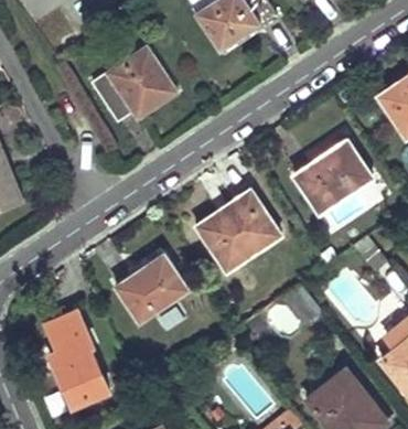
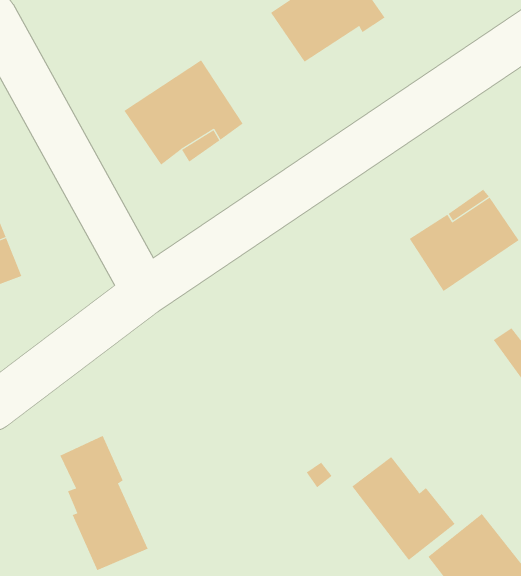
building: [195,189,280,271] -> none
building: [115,253,187,322] -> none
building: none -> [352,456,455,561]

